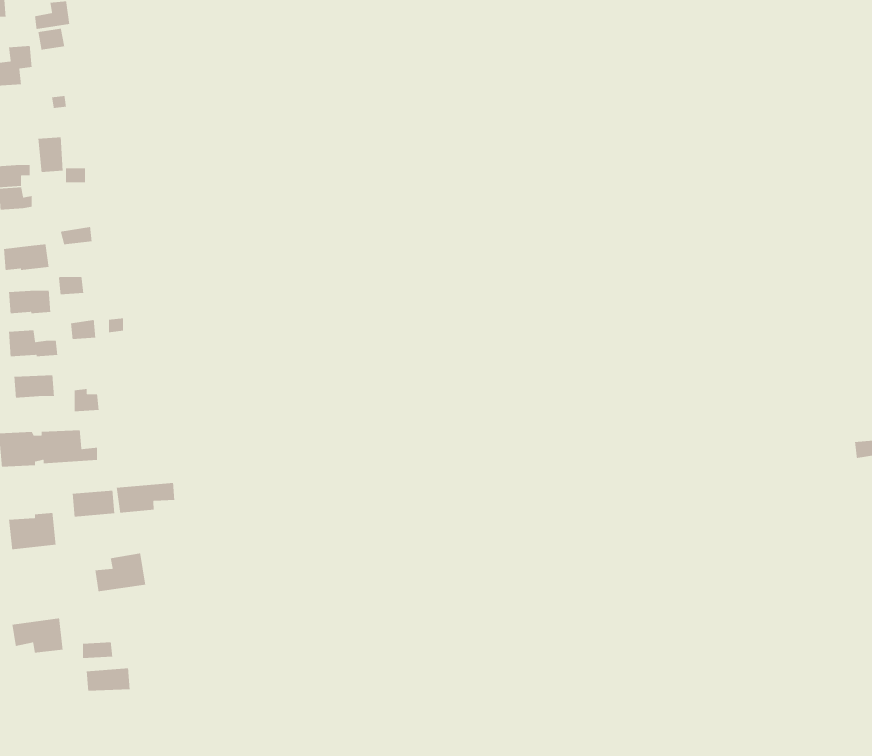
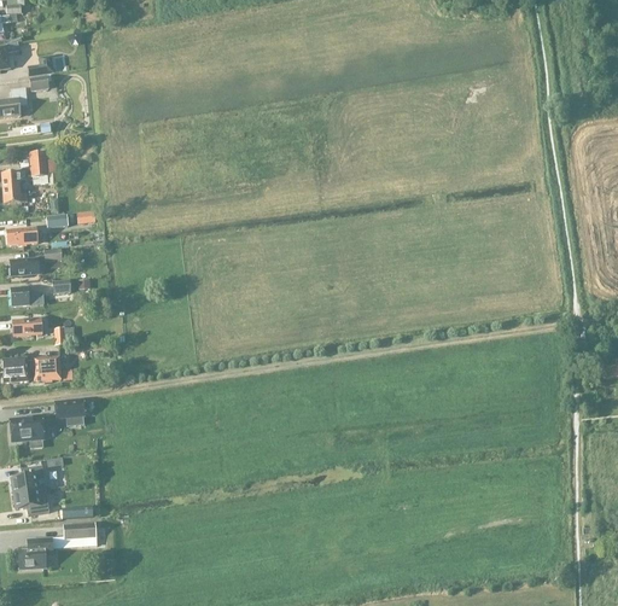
building: [116,482,175,514] -> none
building: [94,553,146,592] -> [10,466,46,494]
building: none -> [17,538,53,570]

